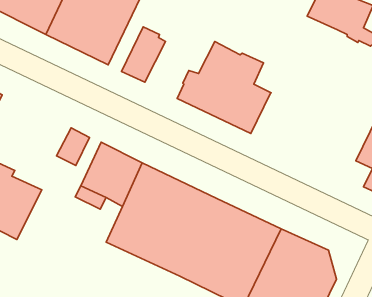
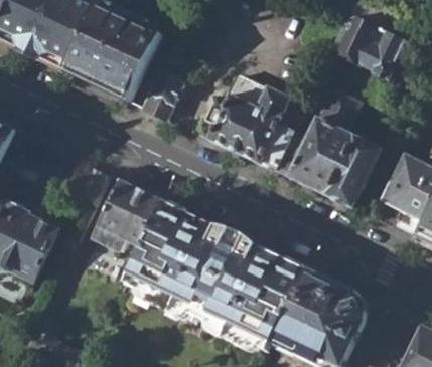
building: none -> [276,90,382,207]

